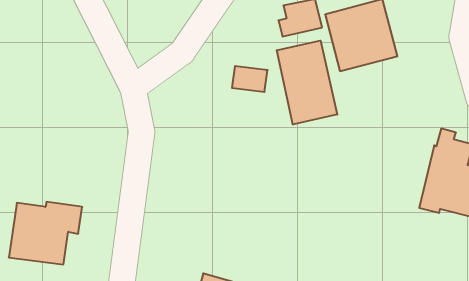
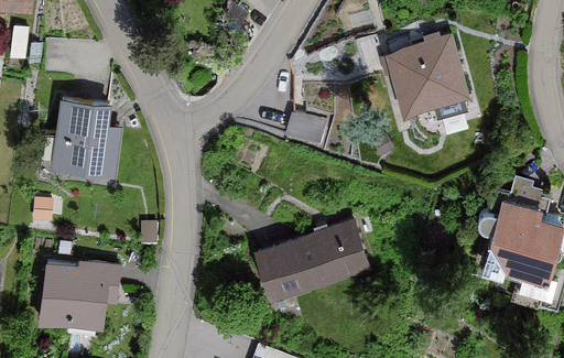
building: [277,41,337,125] -> none
building: none -> [53,100,118,178]
building: none -> [254,219,368,302]

